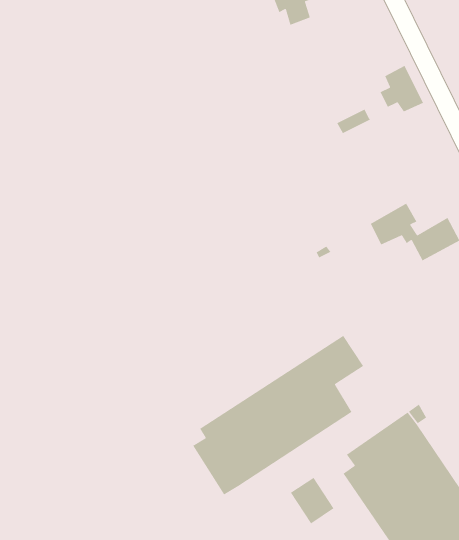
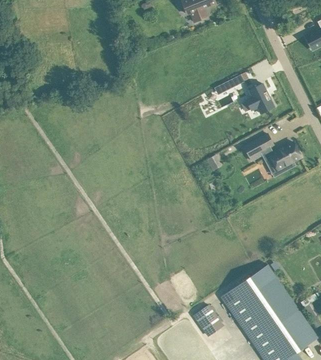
building: [379,65,424,113] -> [246,83,274,113]
building: [192,335,364,496] -> none

